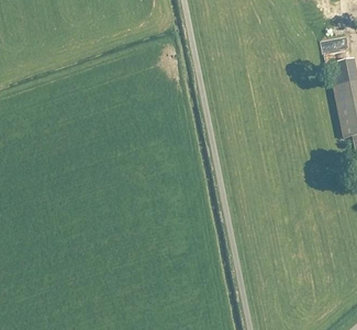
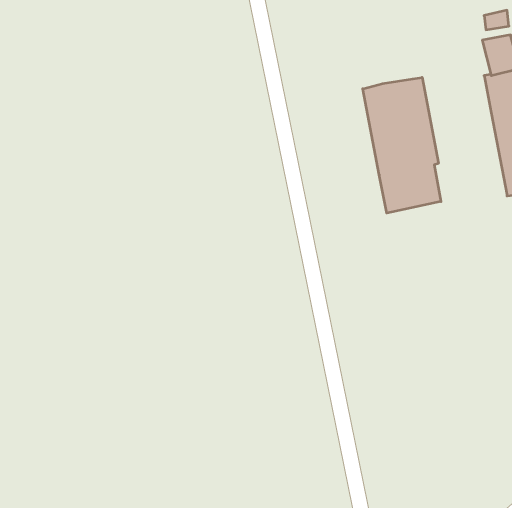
building: none -> [363,77,441,213]

